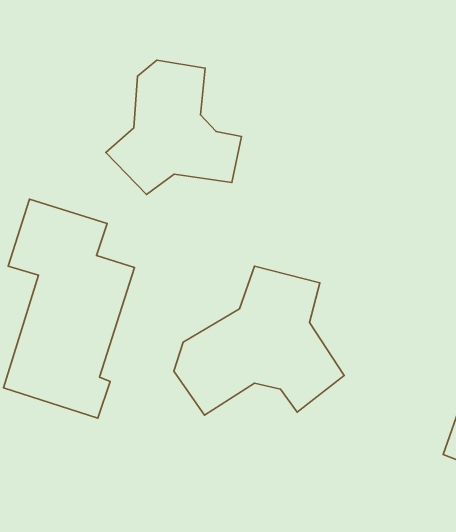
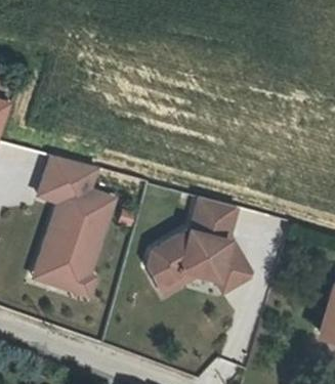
building: [106,60,242,195] -> none

